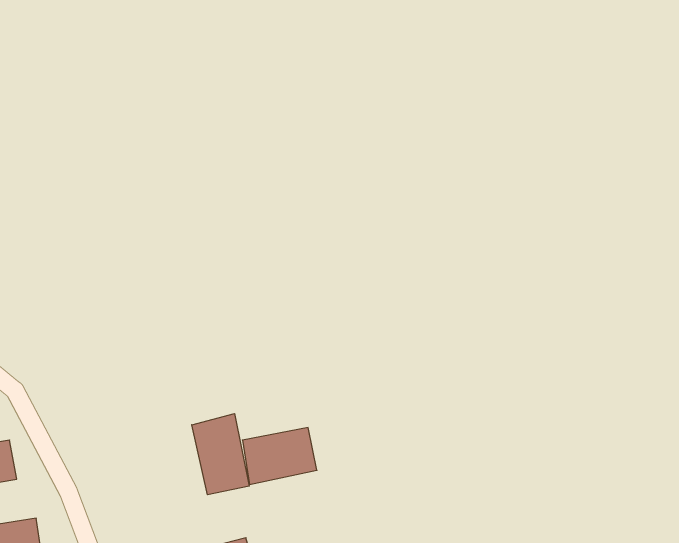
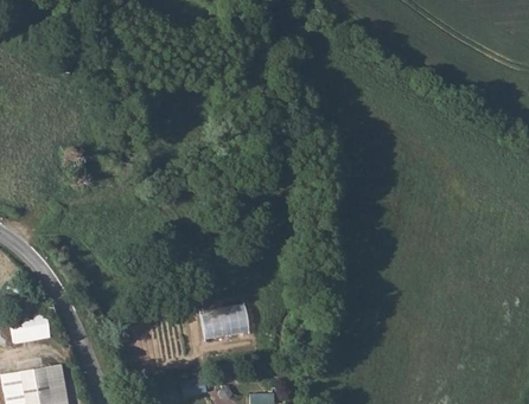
building: [192,414,249,495] -> none

